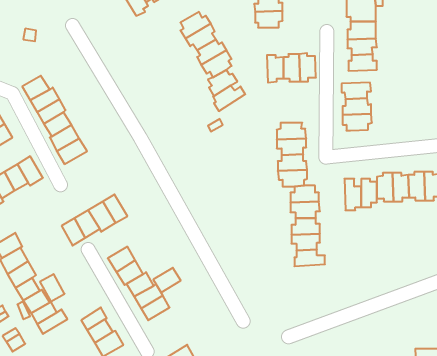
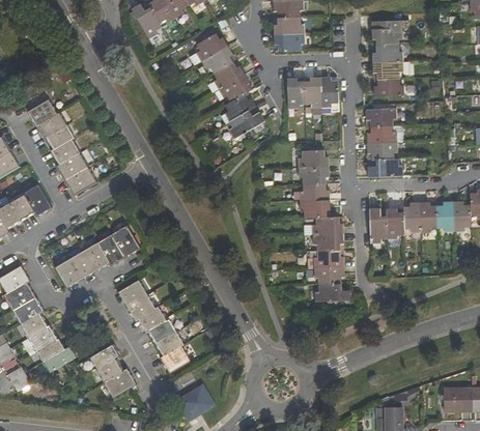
building: none -> [367,157,401,175]
building: [153,268,181,292] -> [161,346,190,372]
building: [40,274,65,302] -> [55,259,81,288]

